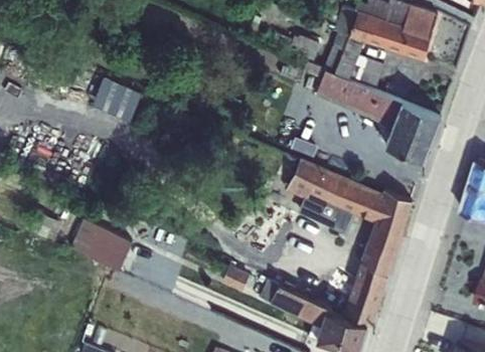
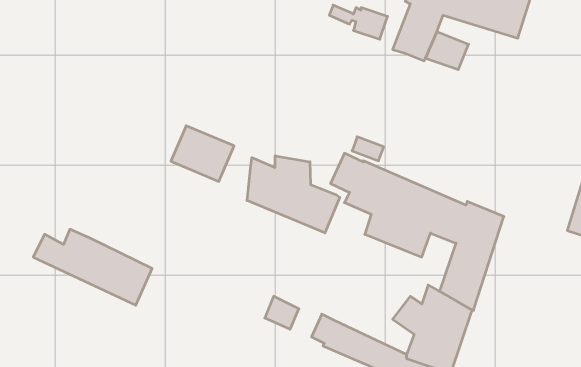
building: [305,62,442,161] -> none
building: [98,74,148,119] -> [171,126,234,181]
building: none -> [247,156,340,233]

